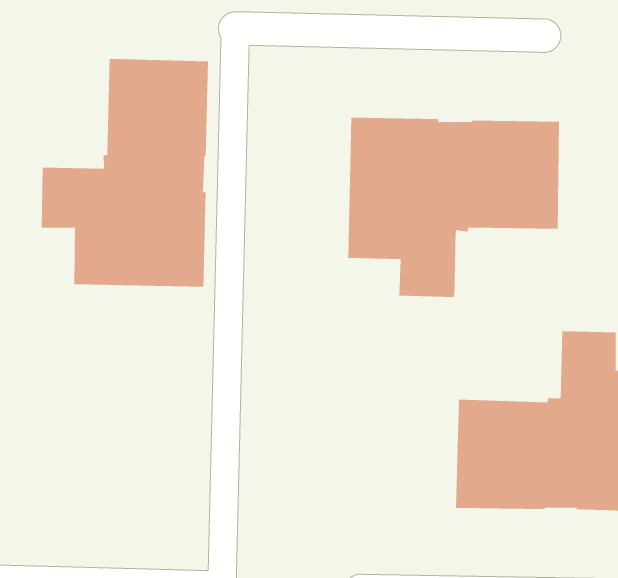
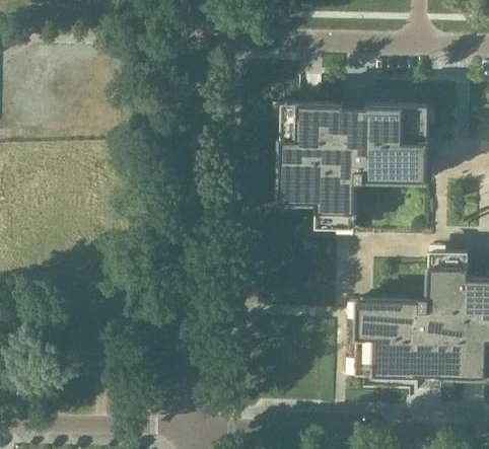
building: [41,58,208,288] -> none

